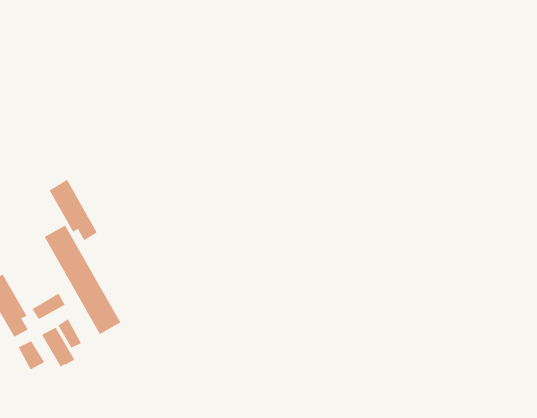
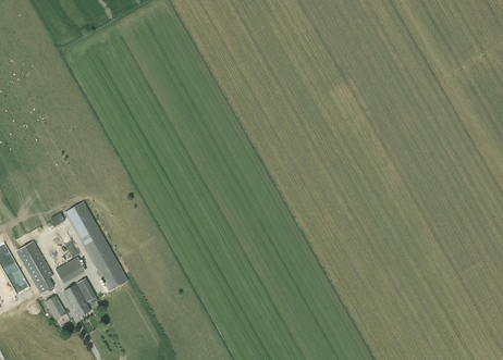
building: [49,179,97,241] -> none

